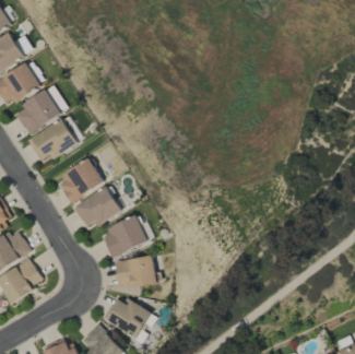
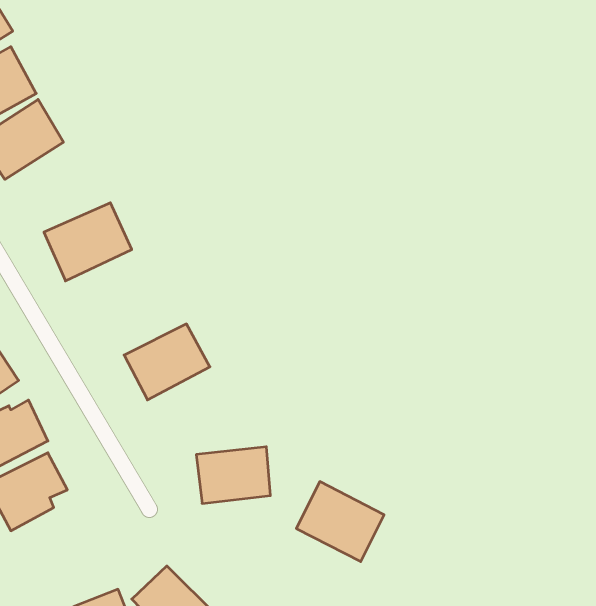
building: [13,90,61,135] -> none
building: [56,160,104,203] -> none
building: [99,215,147,259] -> none
building: [102,294,151,339] -> [296,482,384,562]

